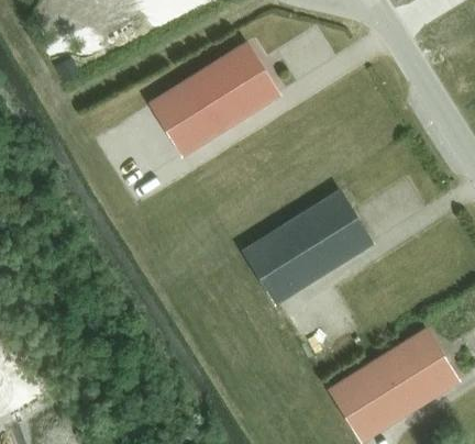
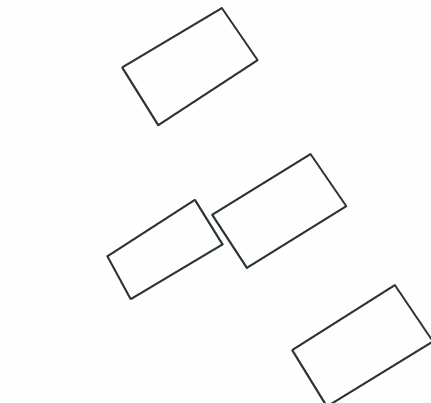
building: none -> [107,200,223,299]

